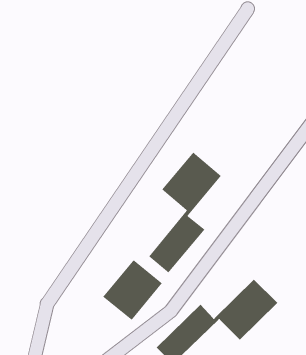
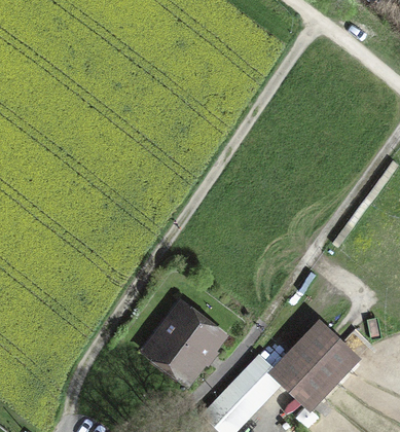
building: [148,152,222,274] -> none

